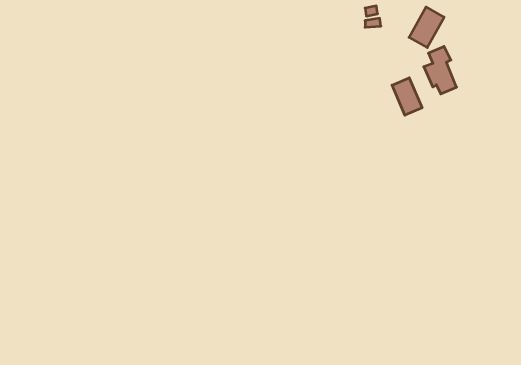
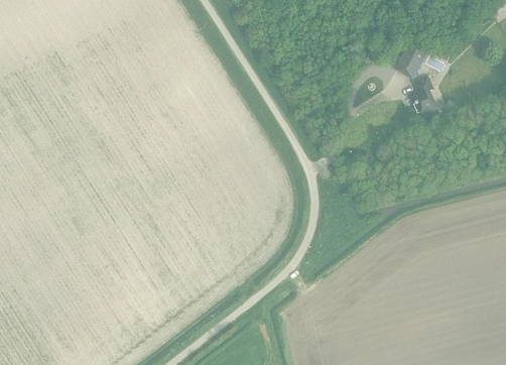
building: [392,78,422,115] -> none

